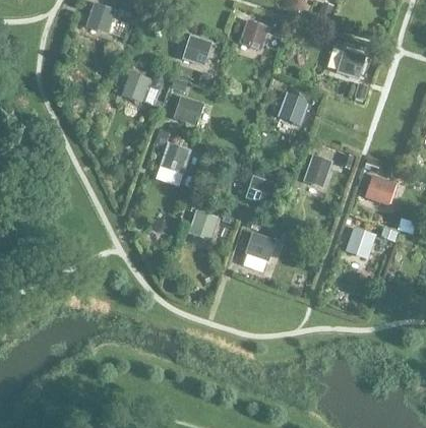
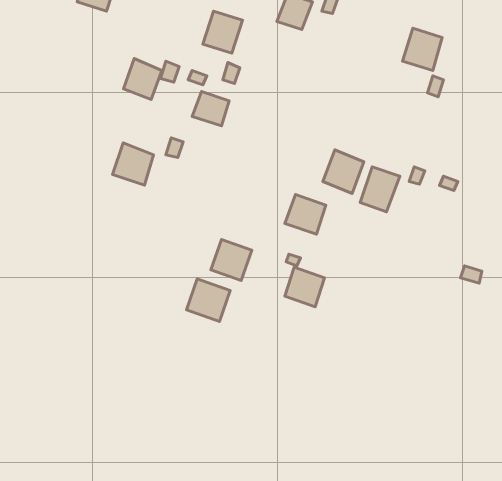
building: [278,91,309,125] -> [323,150,364,194]
building: [160,141,191,174] -> [113,143,154,185]
building: [364,175,397,205] -> none
building: [345,227,375,258] -> none
building: none -> [186,279,230,321]

